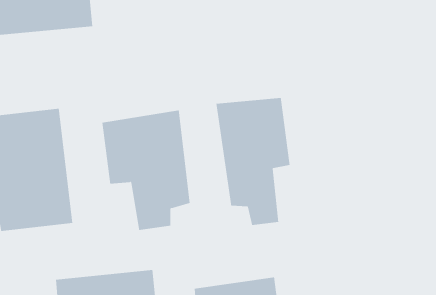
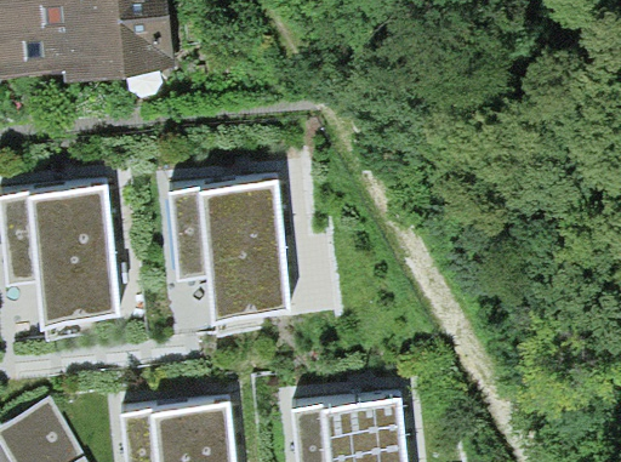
building: [216,97,290,226] -> none

